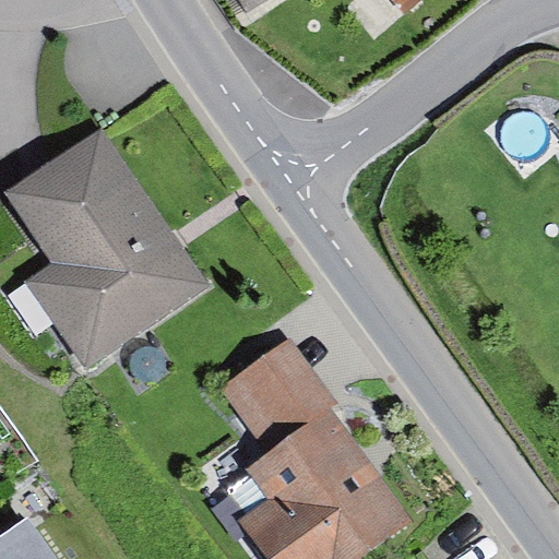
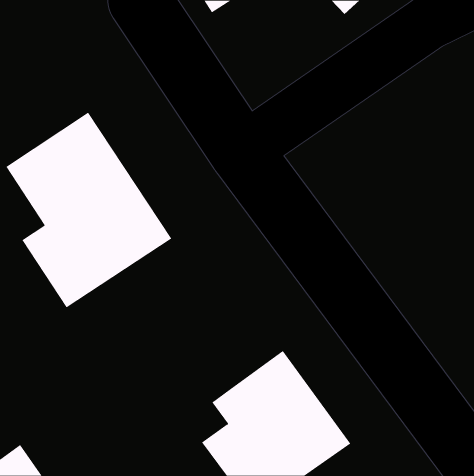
building: [217,338,337,456] -> none

